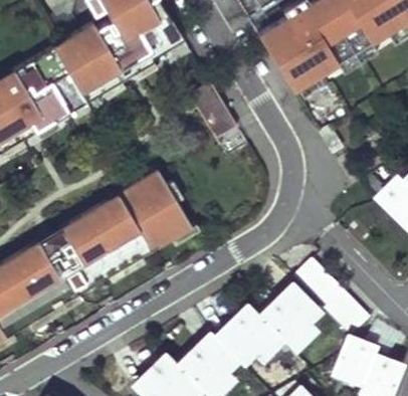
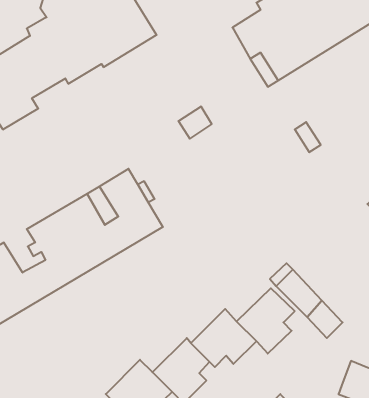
building: [188,82,227,124] -> none
building: [333,338,375,380] -> none

